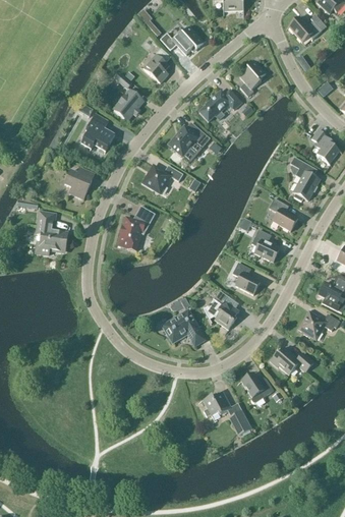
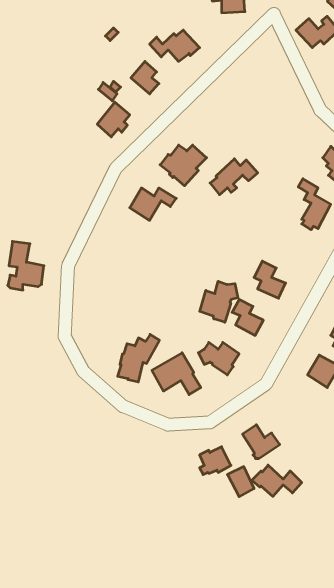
building: [239,61,265,96] -> none
building: [199,90,241,121] -> [210,159,258,195]
building: [81,113,115,151] -> none
building: [64,168,95,198] -> none
building: [269,197,297,231] -> none
building: [118,209,155,250] -> [118,334,159,382]
building: none -> [200,281,238,322]
building: [270,347,313,375] -> [252,465,302,496]

